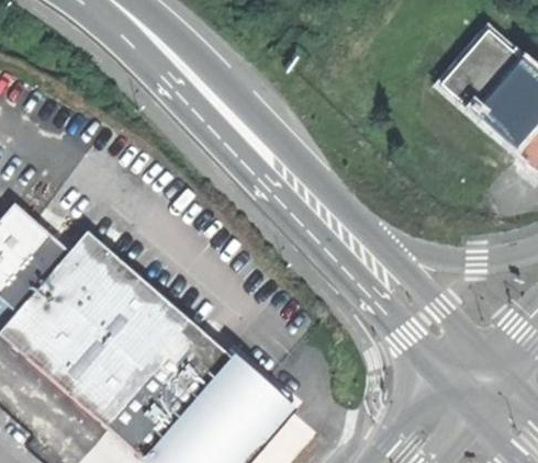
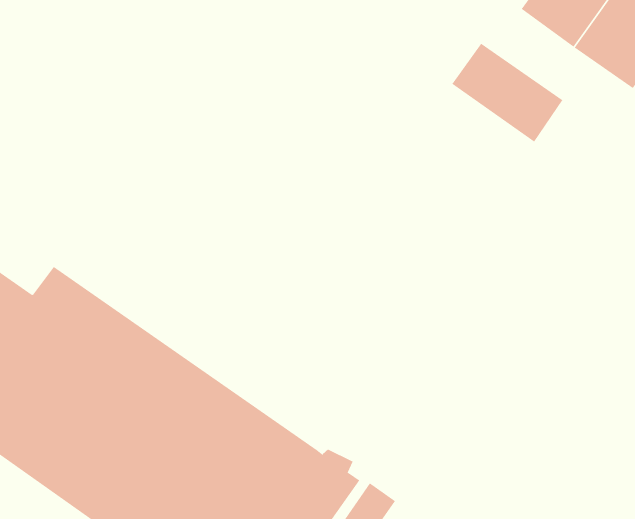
building: none -> [452,43,563,143]

